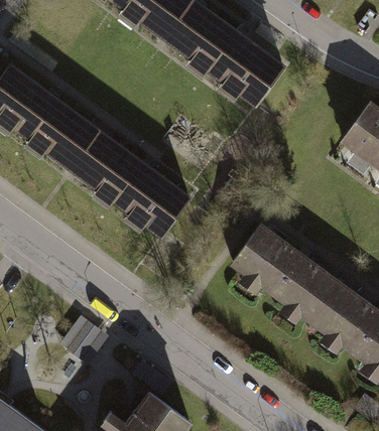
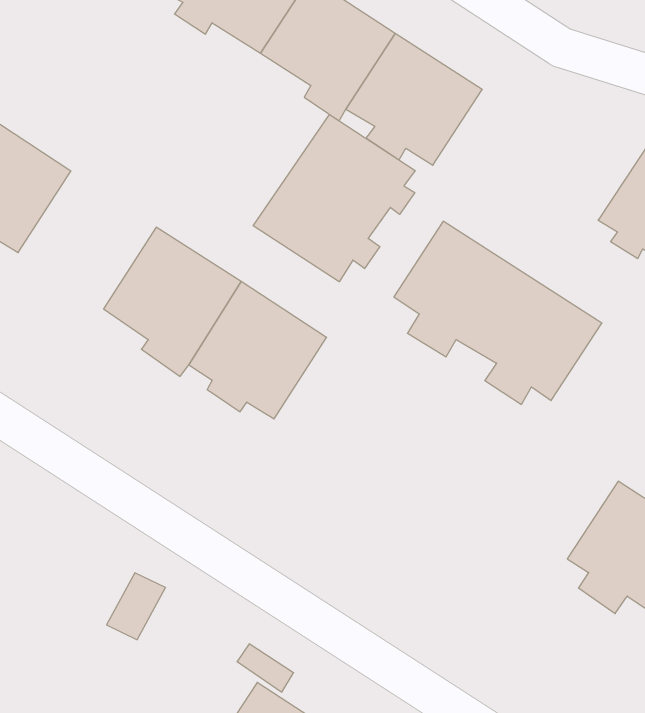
building: none -> [253,115,415,282]
building: [22,100,103,175] -> none
building: [233,226,345,327] -> [394,221,602,404]

